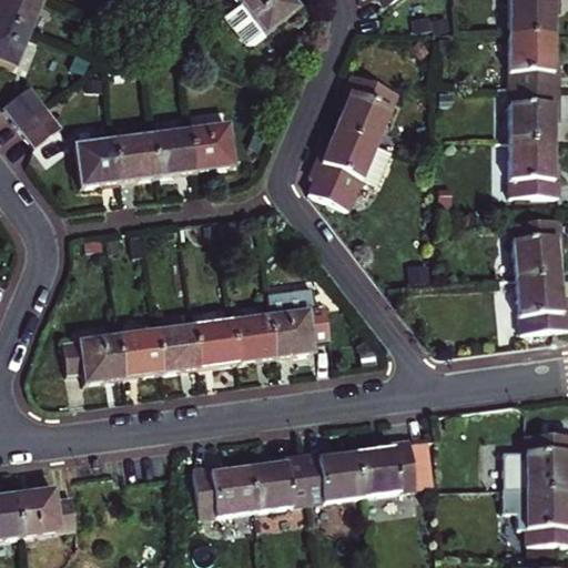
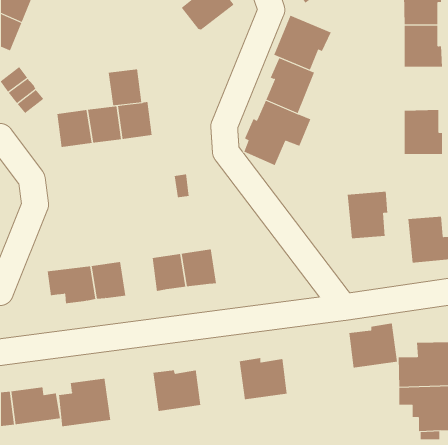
building: none -> [273,15,332,70]
building: [511,84,560,139] -> none
building: [190,123,233,170] -> [108,69,142,106]
building: [510,215,562,275] -> [347,191,388,239]
building: [267,286,328,356] -> none
building: [155,324,200,372] -> none
building: [359,438,422,495] -> [348,323,398,368]
building: [251,454,311,509] -> none
building: none -> [58,378,111,427]

